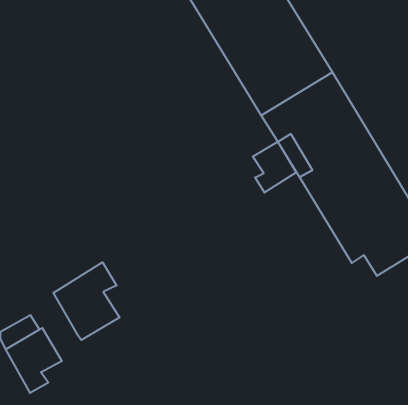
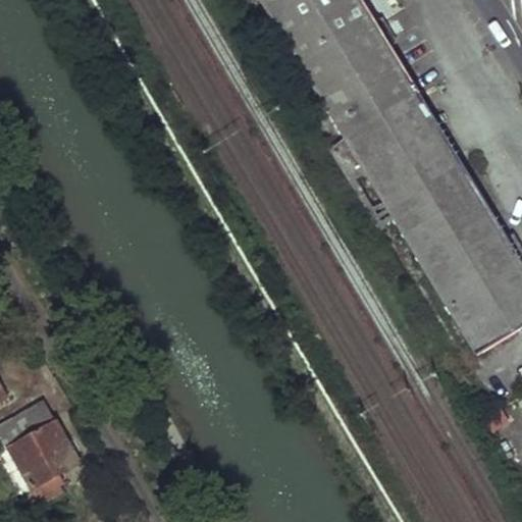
building: [253,142,296,193] -> none
building: [53,262,119,340] -> none

